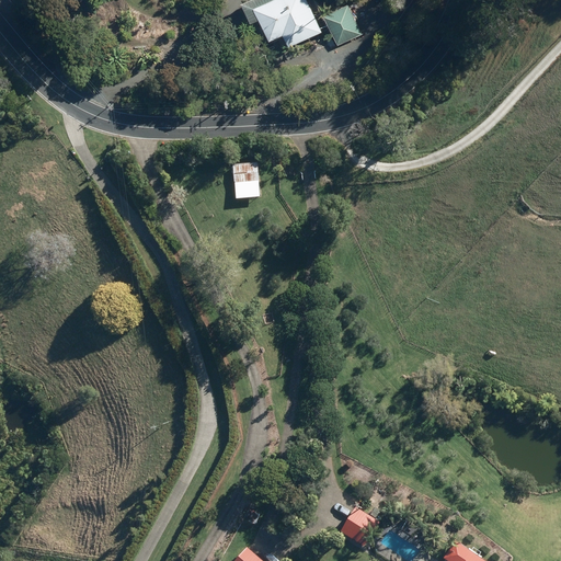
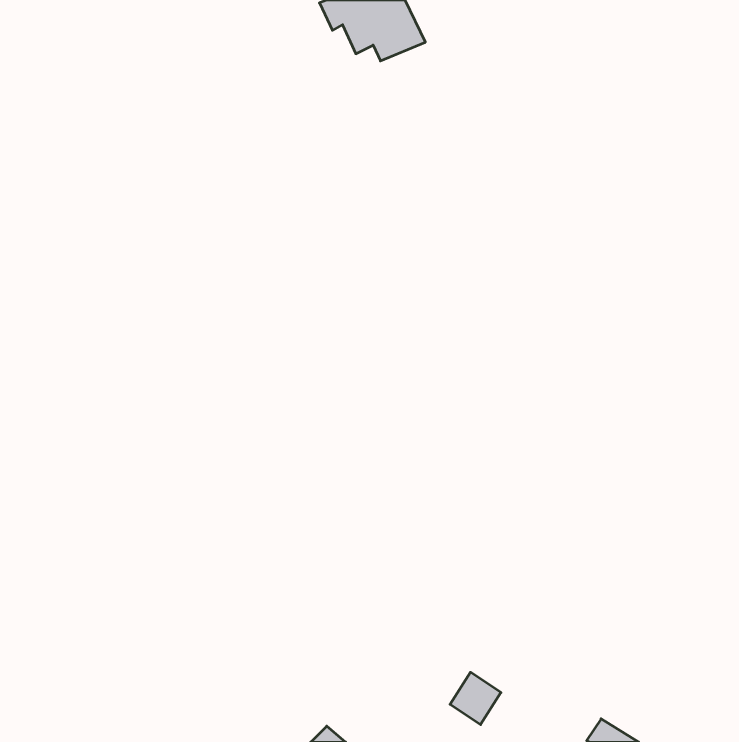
building: [324,5,362,45] -> none
building: [232,163,260,202] -> none

